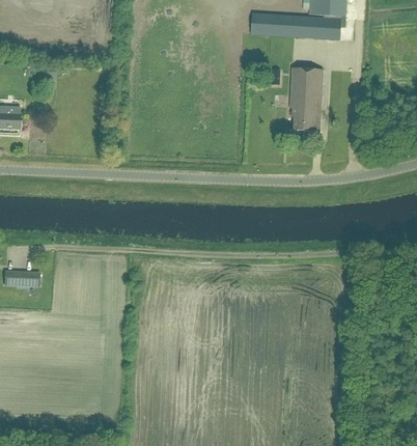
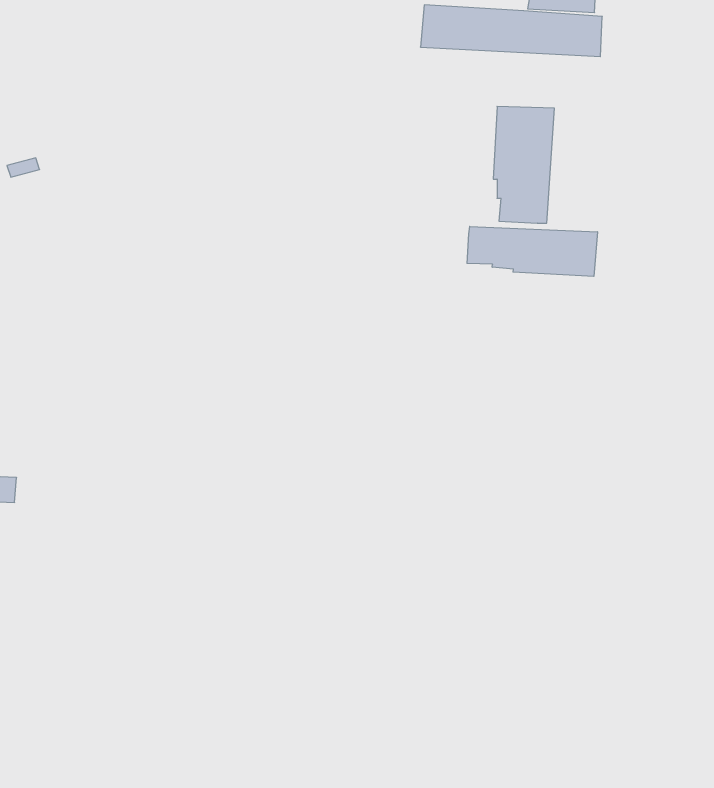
building: none -> [467,226,597,276]

